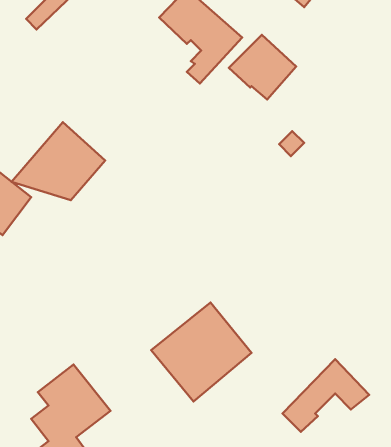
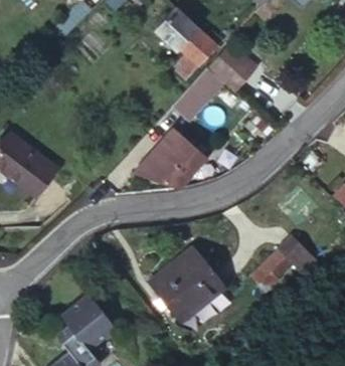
building: none -> [172,67,223,121]
building: [12,122,105,200] -> [135,128,206,187]
building: [282,359,369,432] -> [250,234,317,290]

